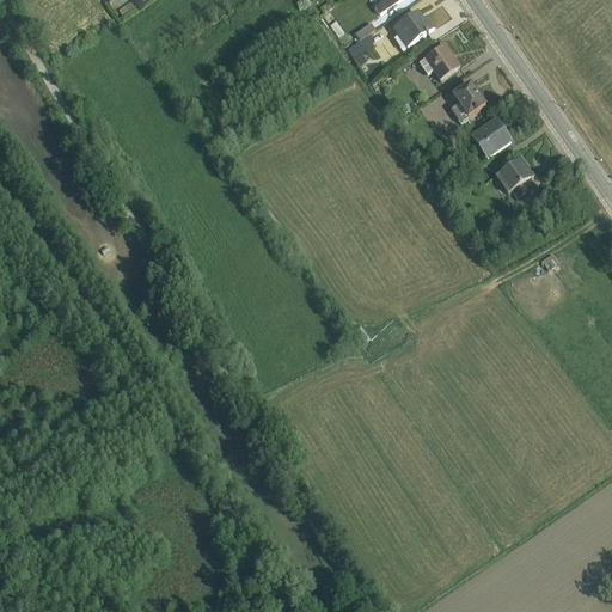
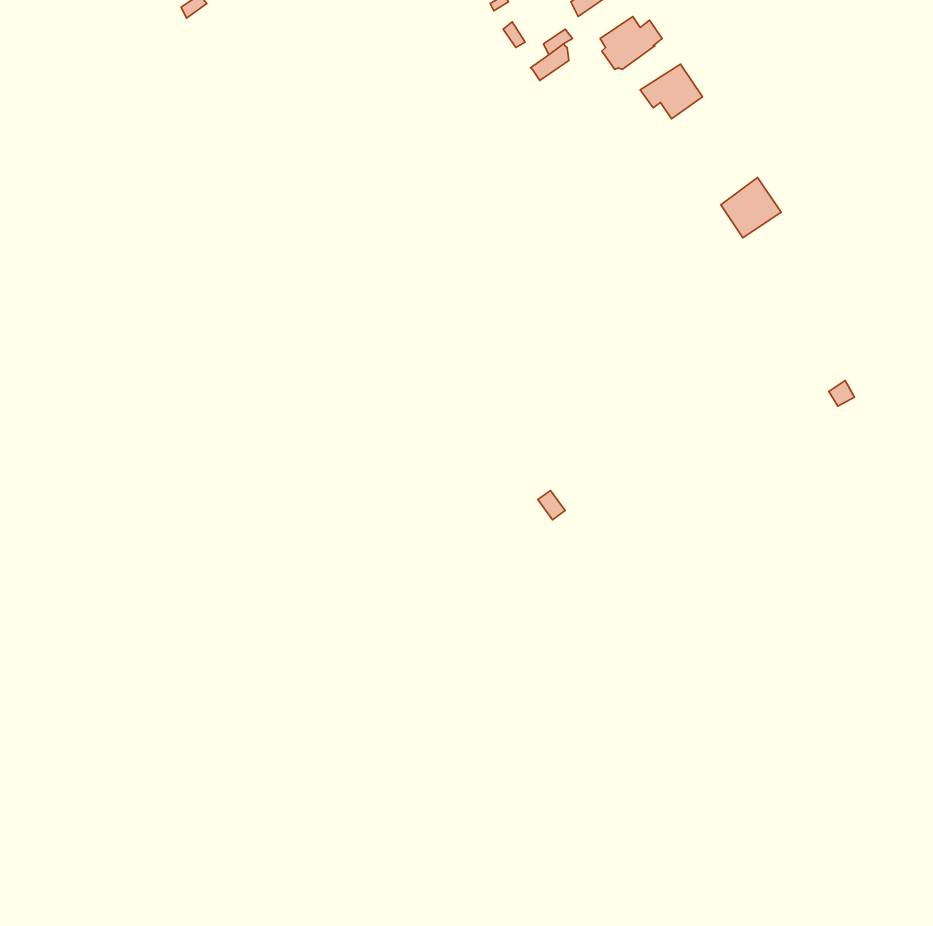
building: [451,80,484,118] -> none
building: [495,154,533,192] -> none

